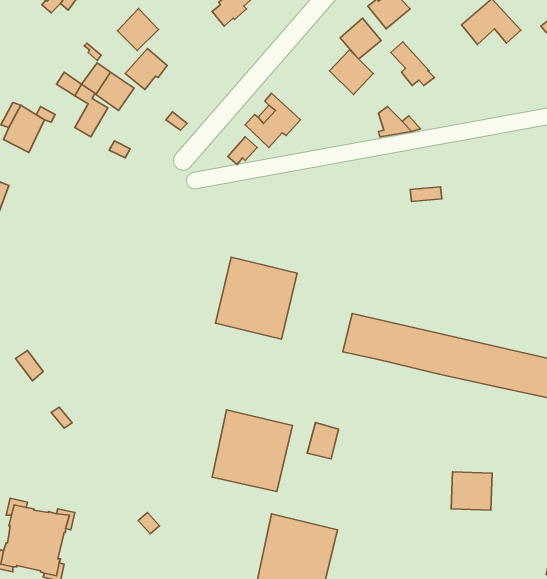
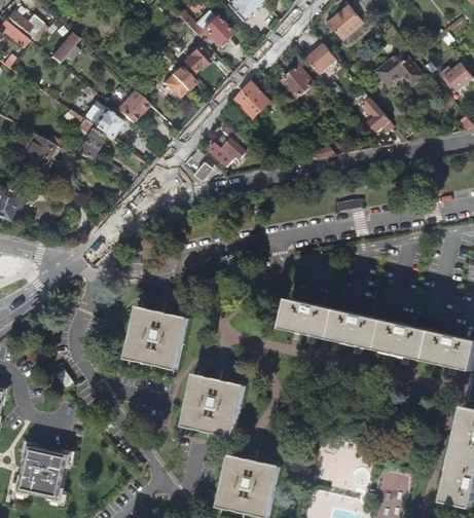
building: [118,8,158,51] -> [161,67,193,100]
building: [391,42,435,85] -> [359,99,393,133]
building: [330,50,373,95] -> [235,84,269,119]
building: [215,257,297,339] -> [124,305,188,369]
building: [307,423,339,459] -> none
building: [451,472,492,510] -> [376,471,408,501]

